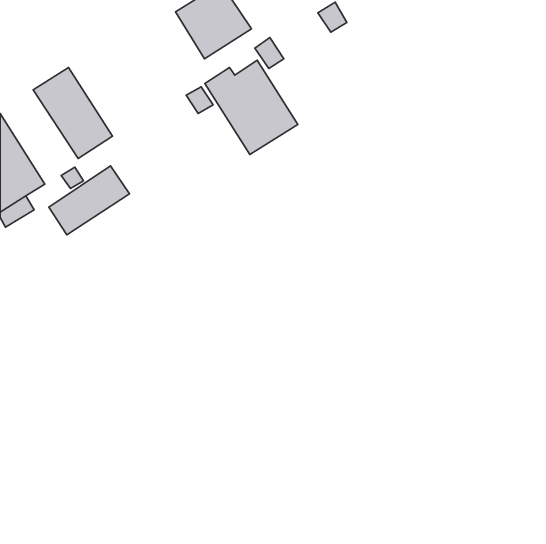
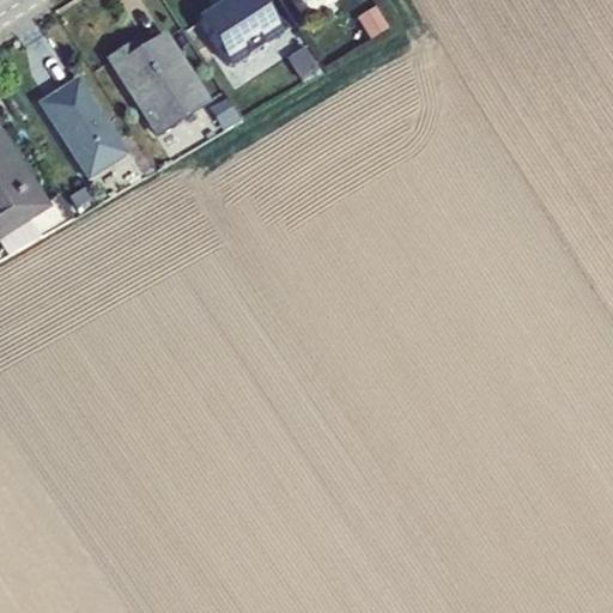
building: [205,60,298,154] -> [107,29,211,134]
building: [49,166,129,235] -> none

